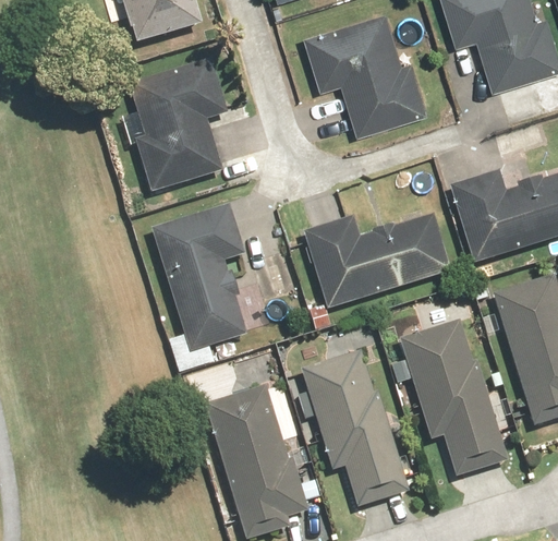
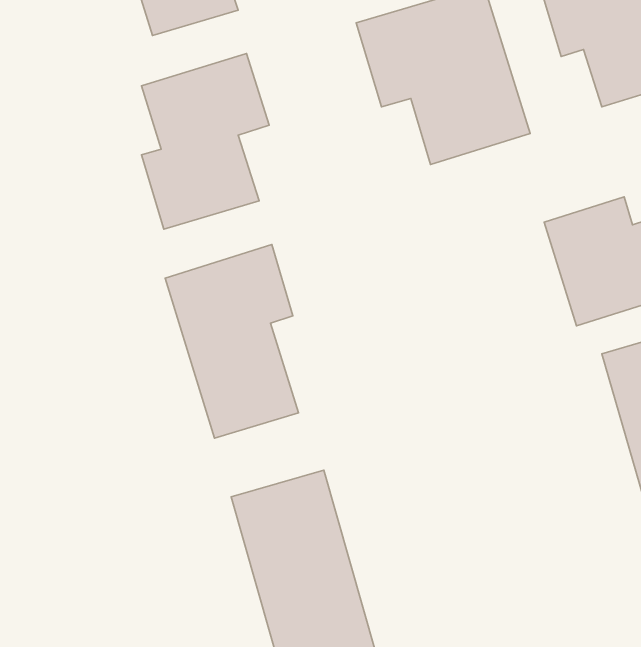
building: [299,205,458,310] -> none
building: [399,316,511,473] -> none
building: [302,345,413,507] -> none

